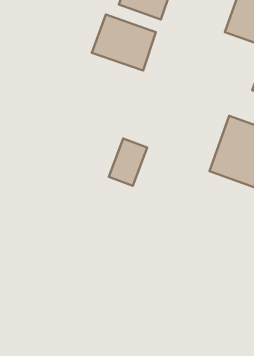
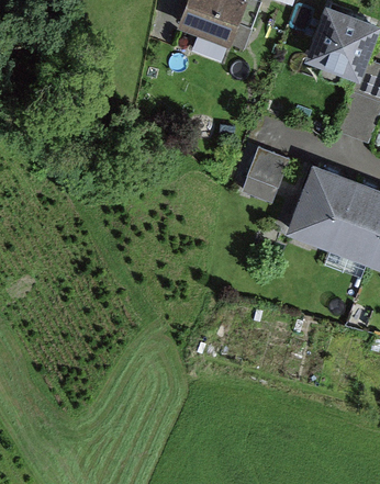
building: [92,14,156,71] -> none
building: [109,139,147,186] -> [242,148,289,206]

